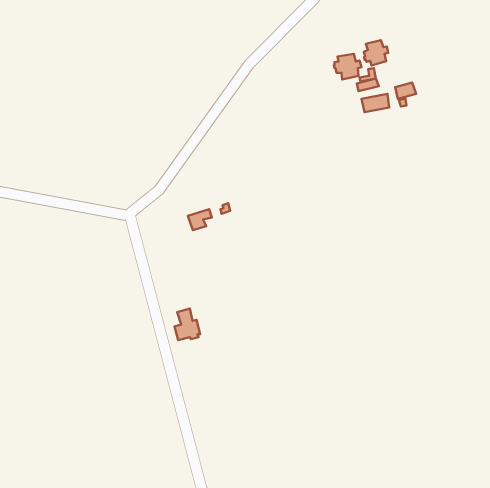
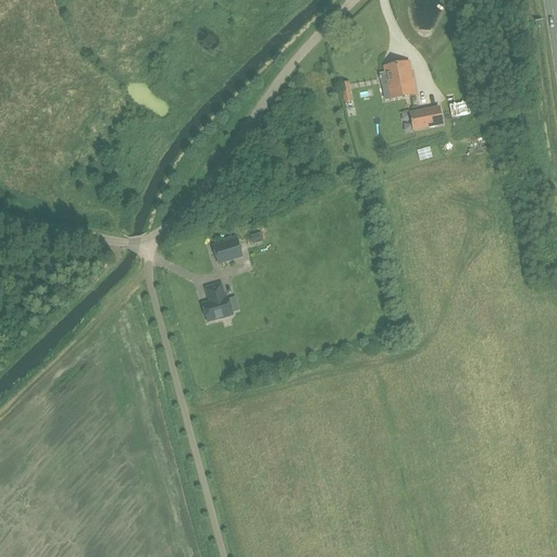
building: [364,40,388,65] -> none
building: [174,308,200,340] -> [203,283,233,319]

